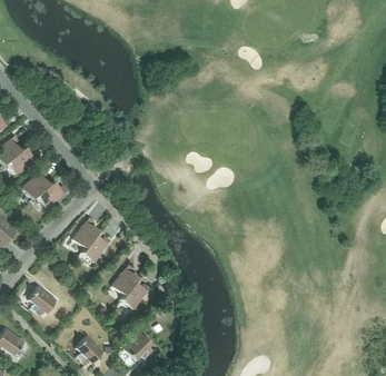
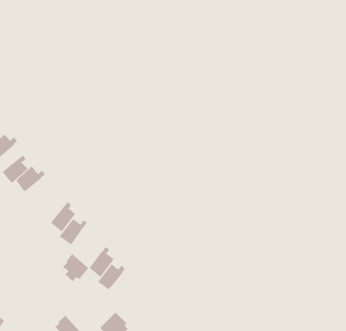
building: [28,285,56,315] -> [62,253,89,282]

